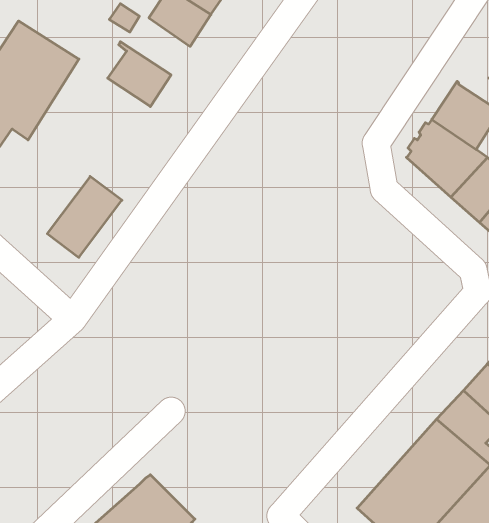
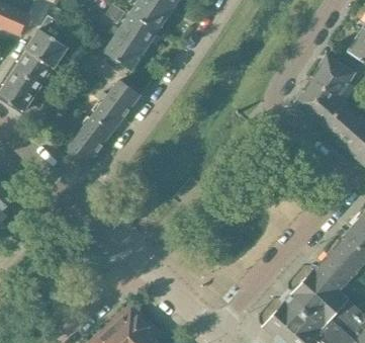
building: none -> [112,14,157,51]
building: none -> [93,81,140,131]

